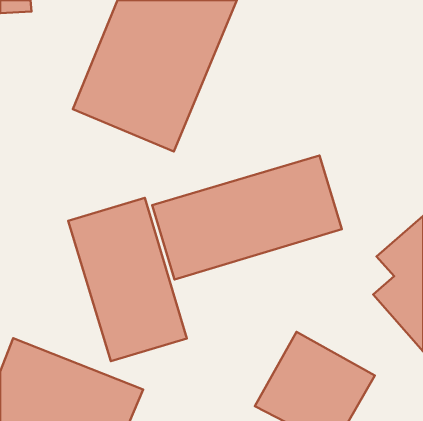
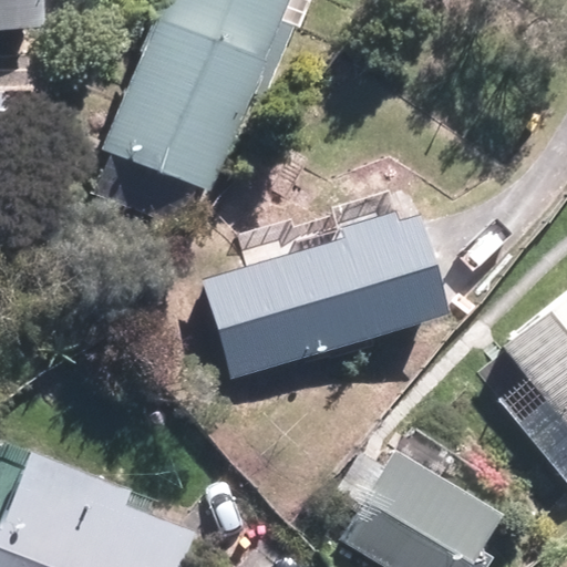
building: [68,198,187,361] -> none

